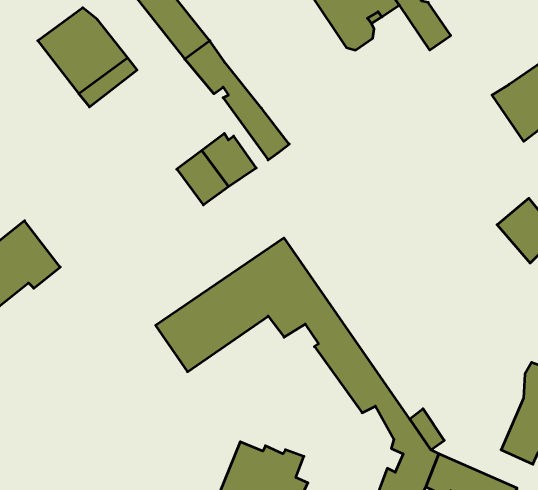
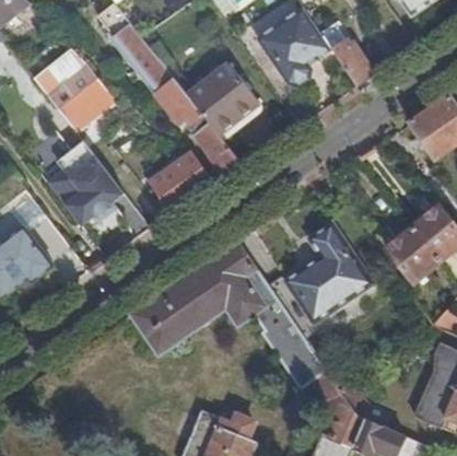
building: none -> [187,63,258,133]
building: none -> [43,135,131,224]
building: none -> [284,223,373,324]
building: none -> [387,230,440,282]

